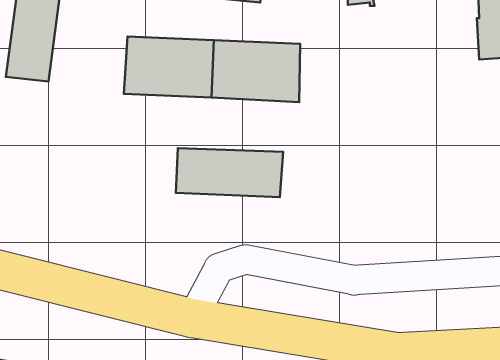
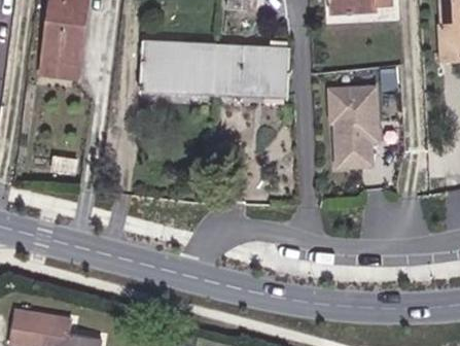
building: none -> [333,80,381,165]
building: [176,148,283,197] -> none

